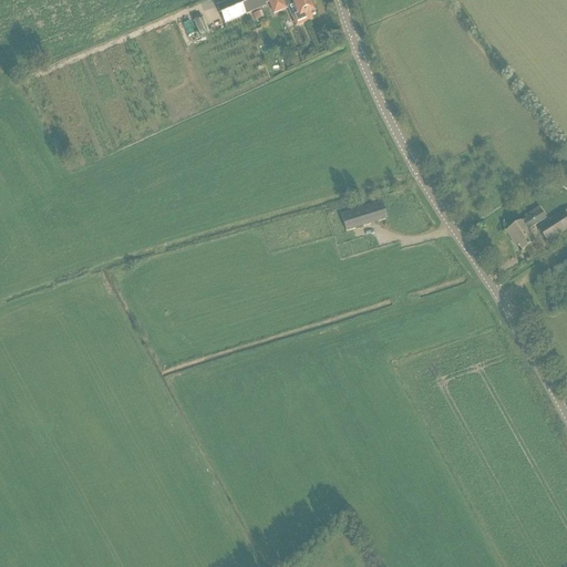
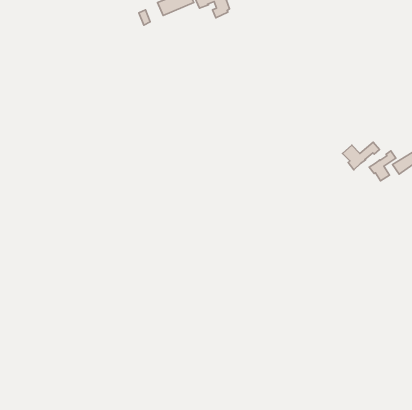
building: none -> [342,142,380,170]
building: [341,199,386,228] -> none

